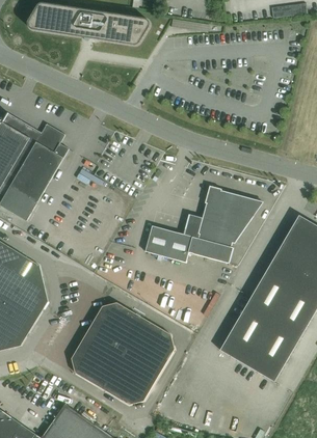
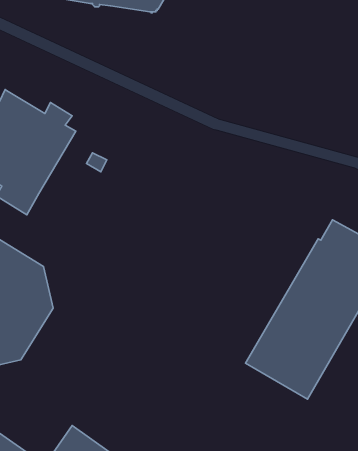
building: [144,185,263,263] -> none
building: [72,302,175,404] -> none

